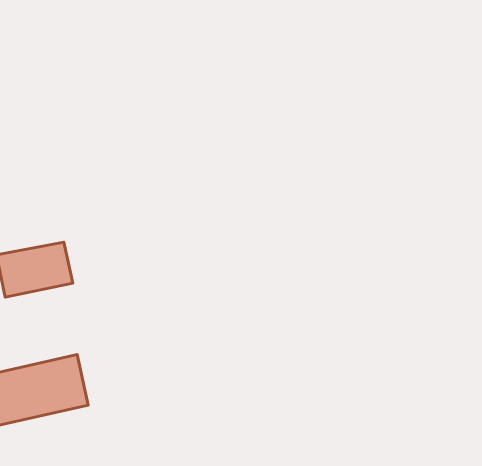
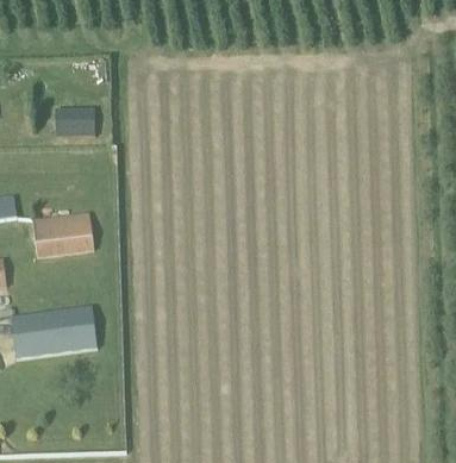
building: none -> [55,105,95,134]

